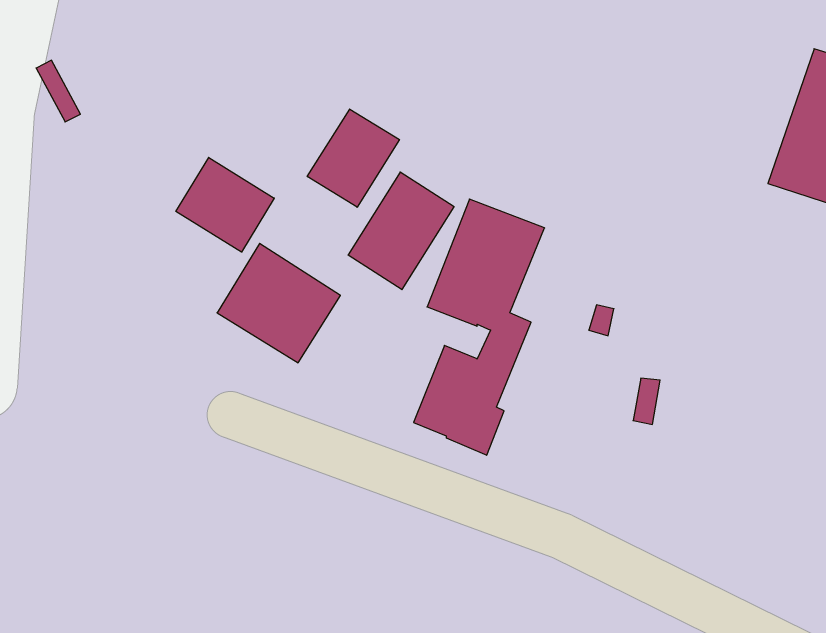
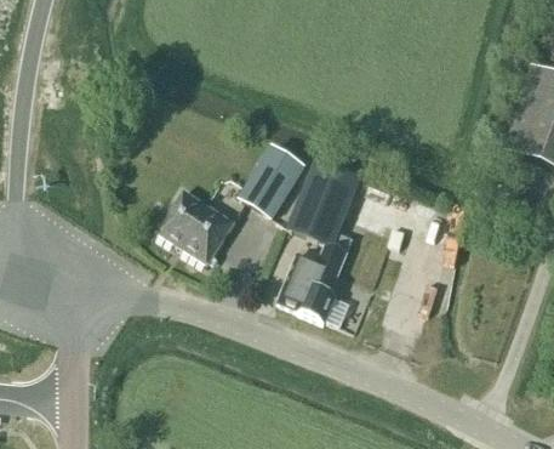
building: [307,109,399,207] -> none
building: [176,157,274,252] -> none

